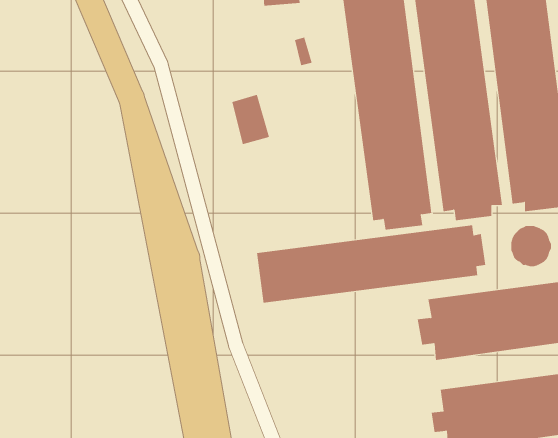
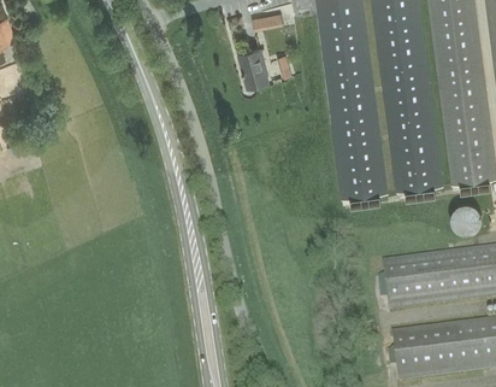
building: [231,94,270,145] -> [238,48,268,88]
building: [256,225,486,304] -> none

